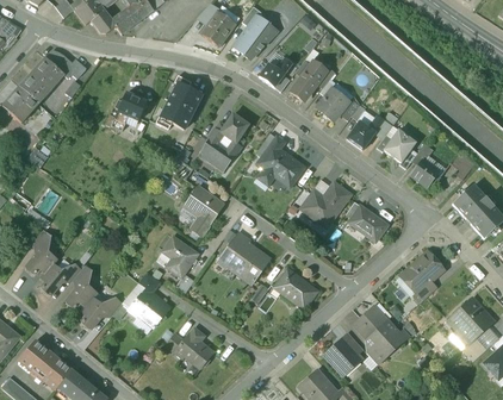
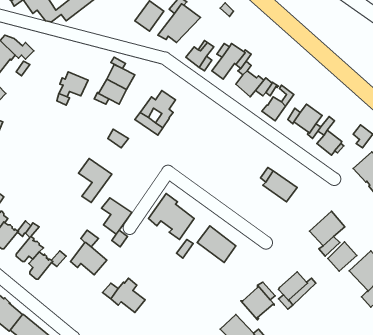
building: [257,136,305,187] -> none
building: [300,181,350,220] -> none
building: [186,186,224,236] -> [79,159,112,202]
building: [354,305,387,338] -> [328,242,357,271]

